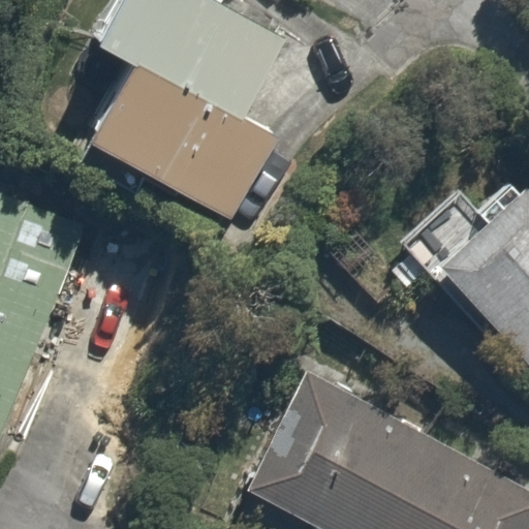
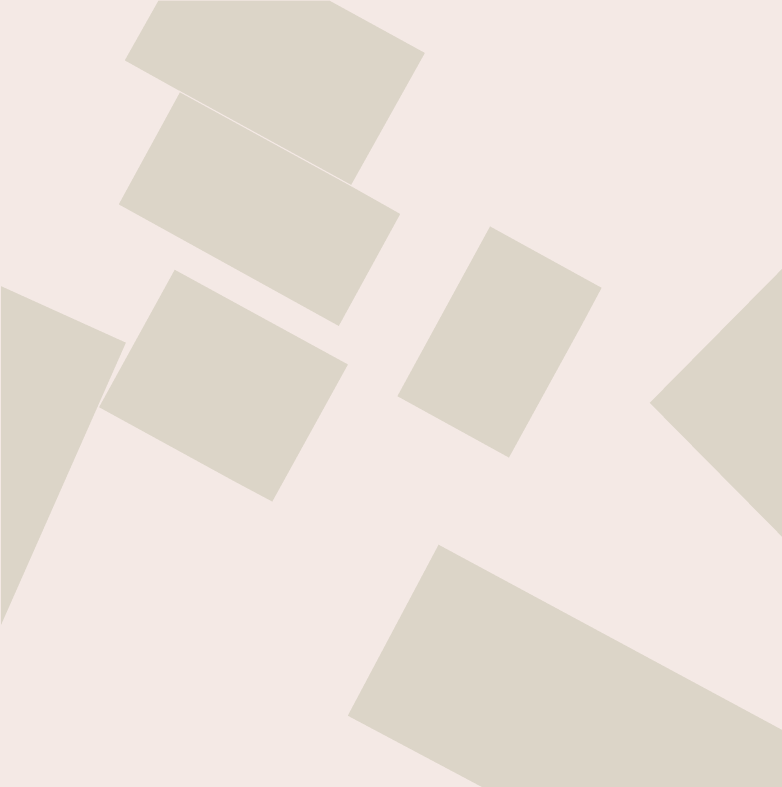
building: none -> [396,225,602,458]
building: none -> [98,269,349,503]

